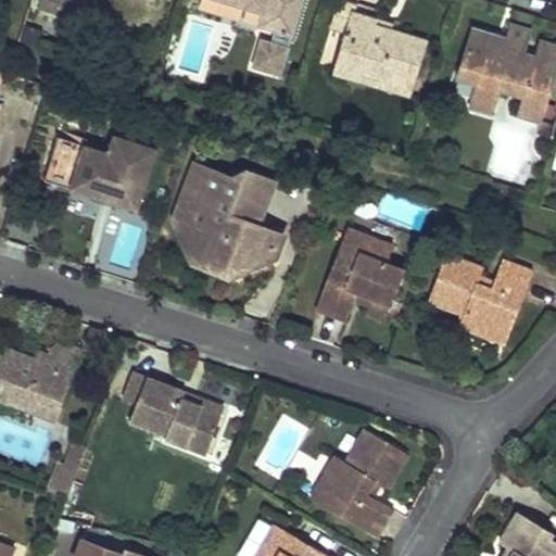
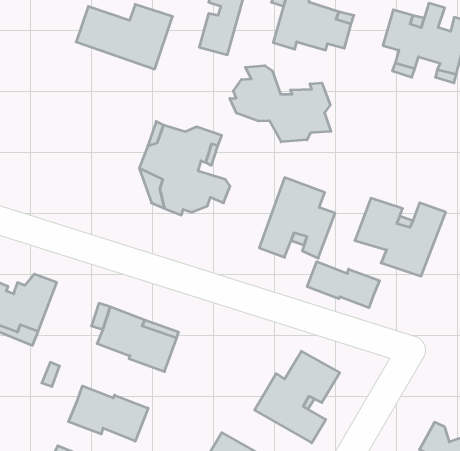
building: none -> [230,66,331,142]
building: [48,137,160,212] -> [76,4,173,69]
building: none -> [307,262,380,308]
building: none -> [68,386,148,441]

